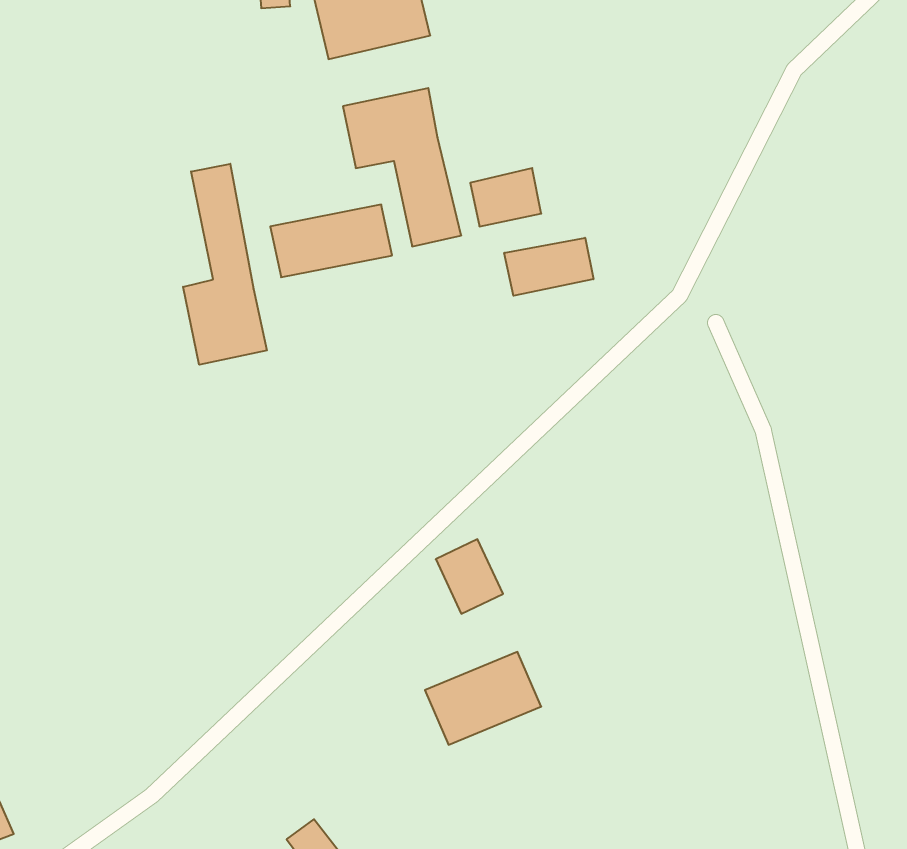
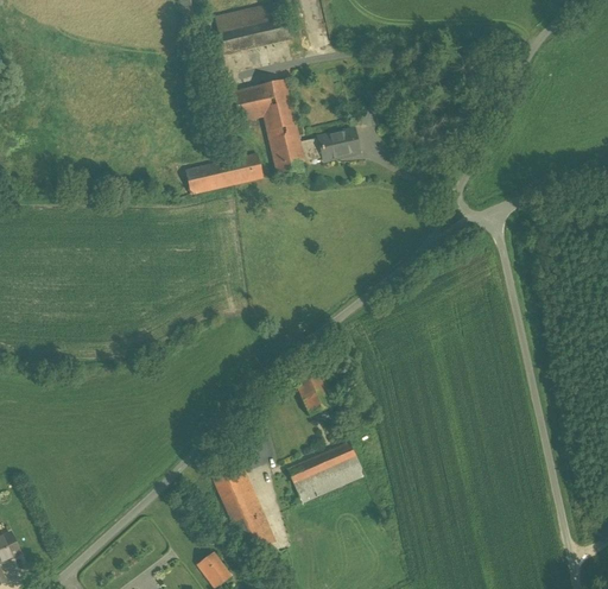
building: [183,164,267,365] -> none
building: [504,238,593,296] -> none
building: none -> [213,471,273,557]

